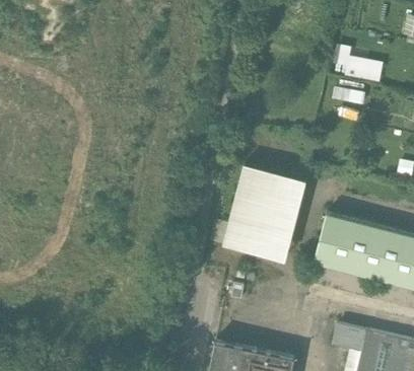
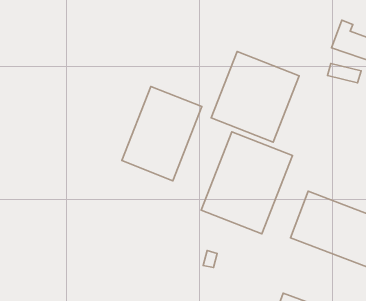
building: none -> [211,51,299,142]
building: none -> [122,87,202,181]

